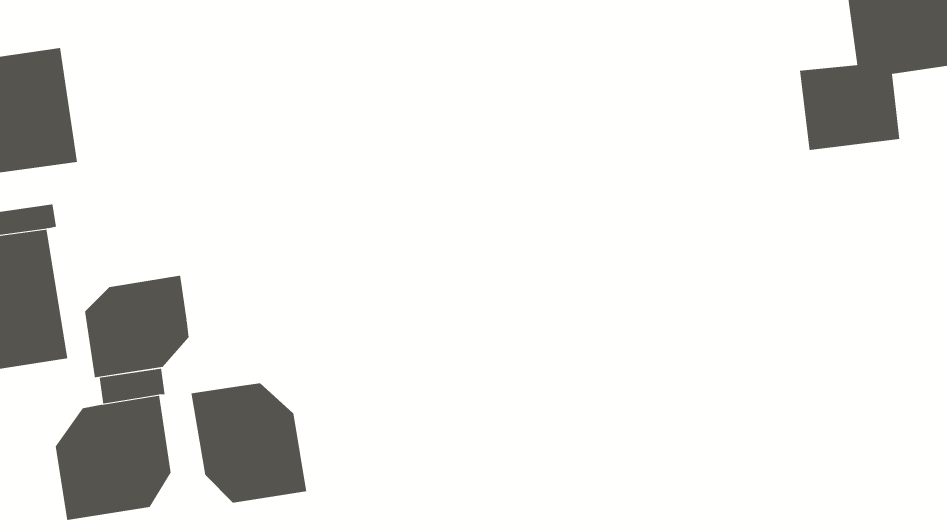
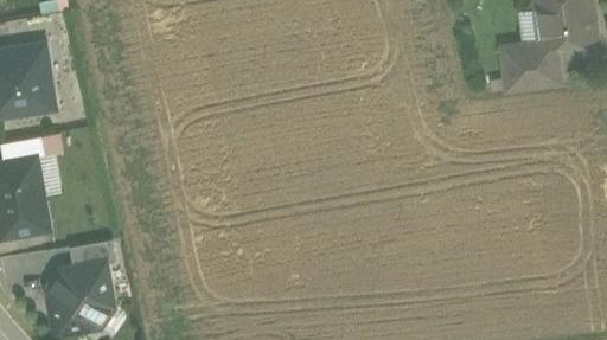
building: [85,275,189,378] -> none
building: [191,383,307,504] -> none

